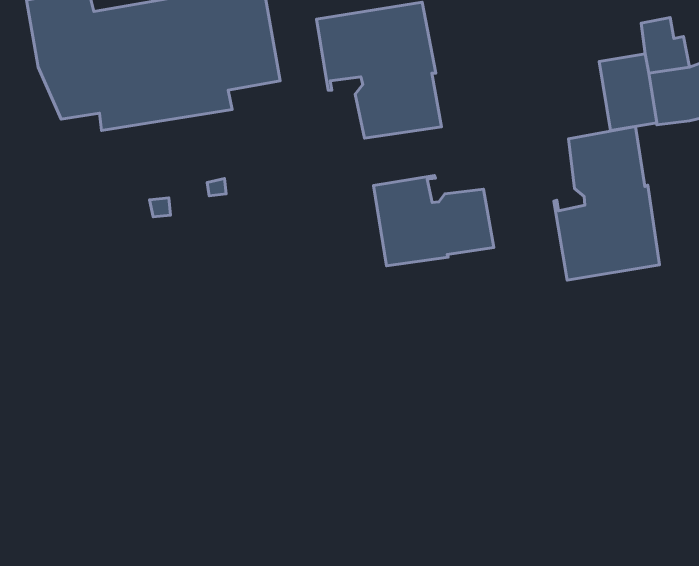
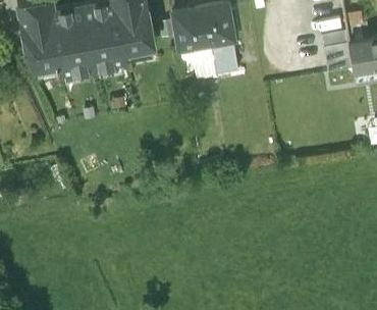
building: [554,126,660,280] -> none
building: [373,175,494,266] -> none

